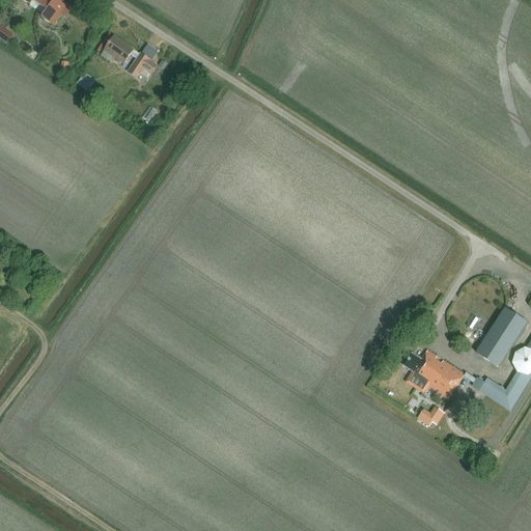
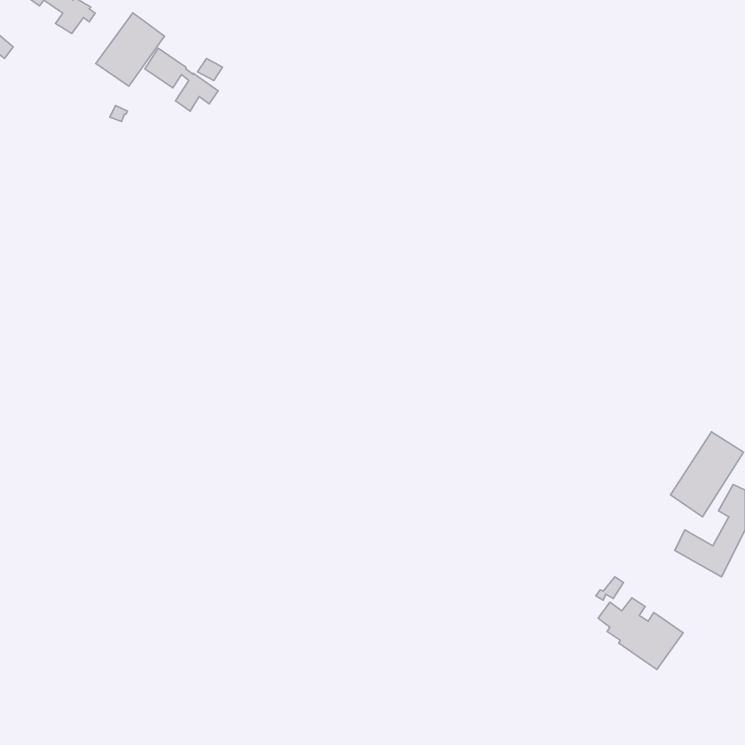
building: none -> [96,13,165,86]
building: [403,350,464,400] -> [598,598,683,670]

